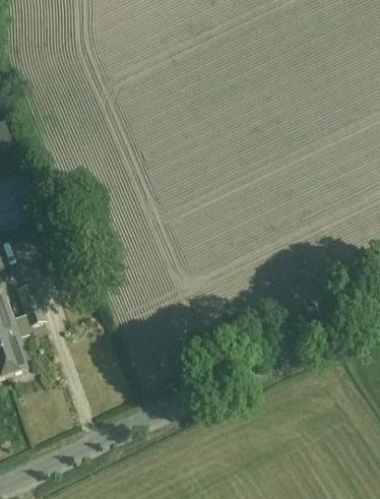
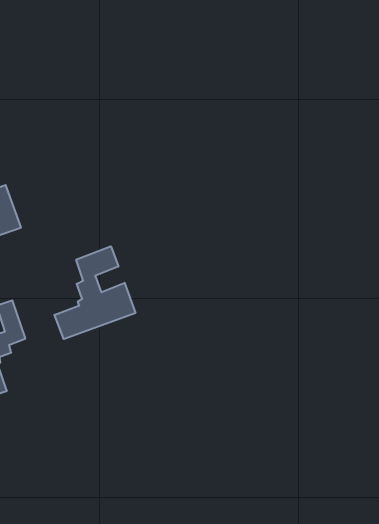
building: none -> [54,246,135,339]

